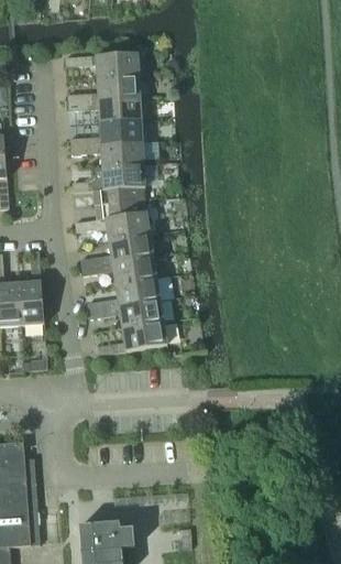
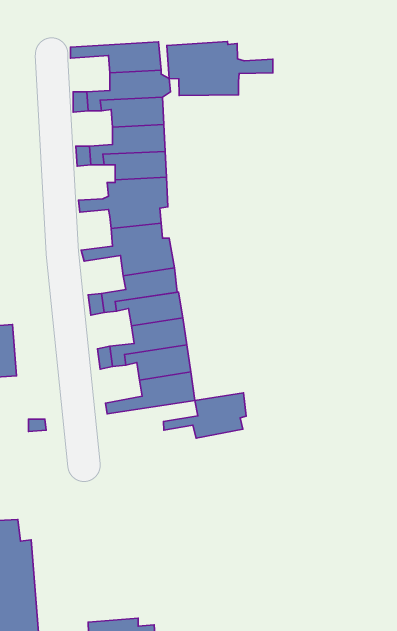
building: none -> [167,42,273,95]
building: [18,251,44,325] -> none
building: none -> [163,393,246,438]

